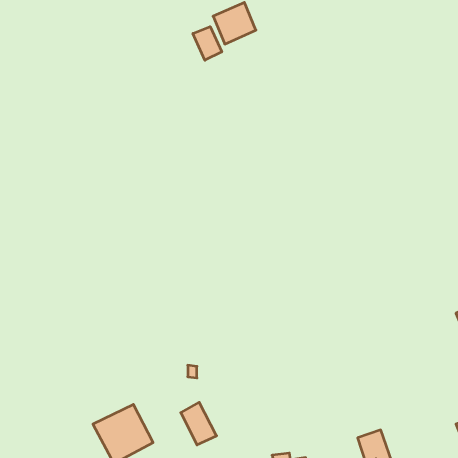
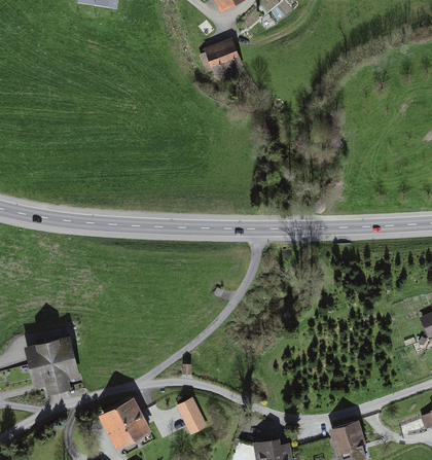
building: [193,27,222,60] -> none
building: none -> [24,337,80,396]

